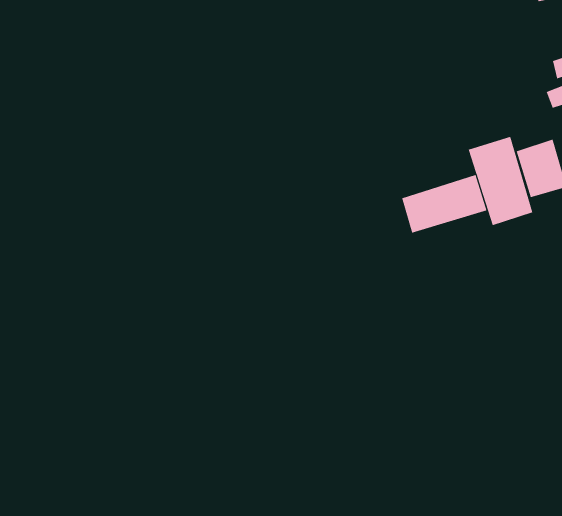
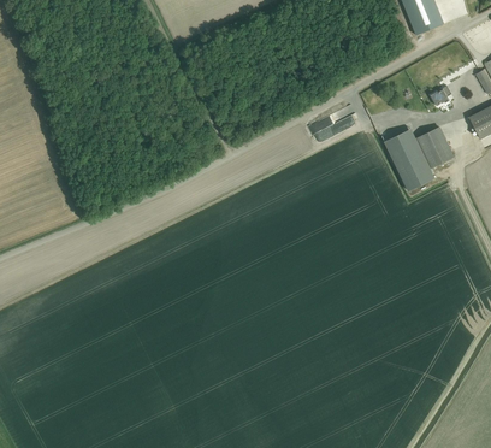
building: [401,174,487,234] -> none

